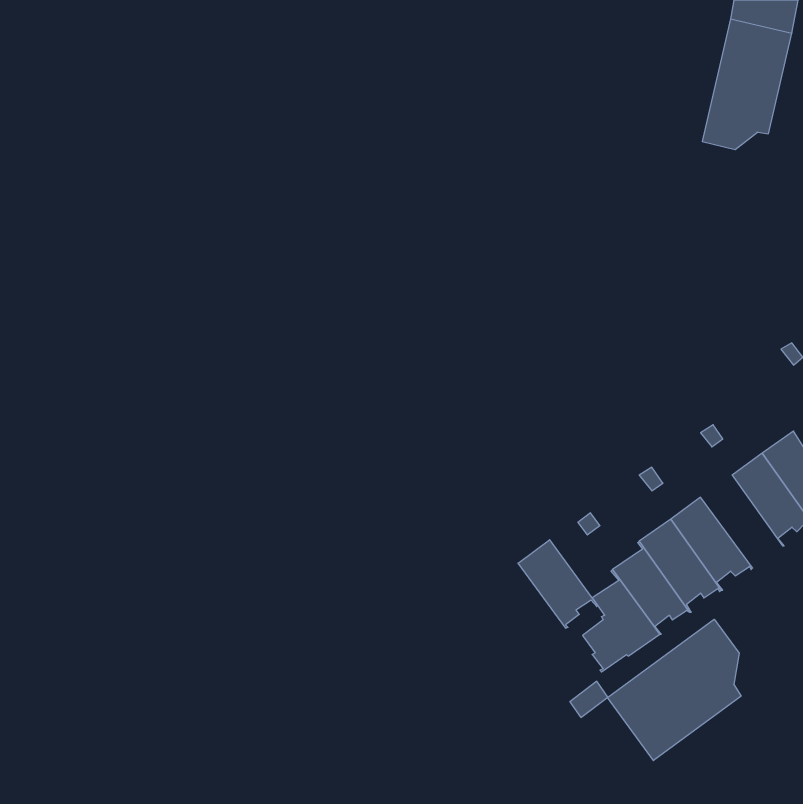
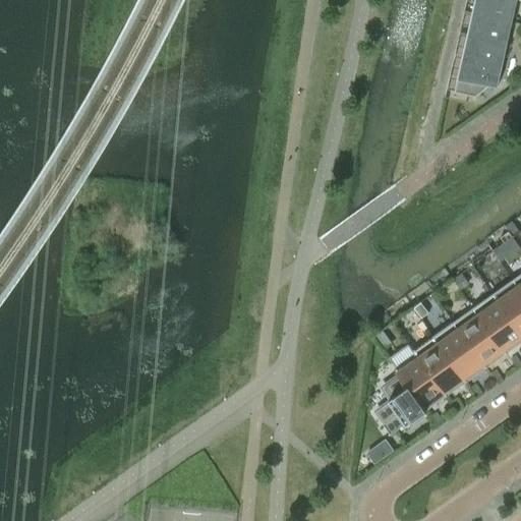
building: none -> [454,307,507,367]
building: [518,540,597,628] -> none
building: [607,619,741,761] -> none

